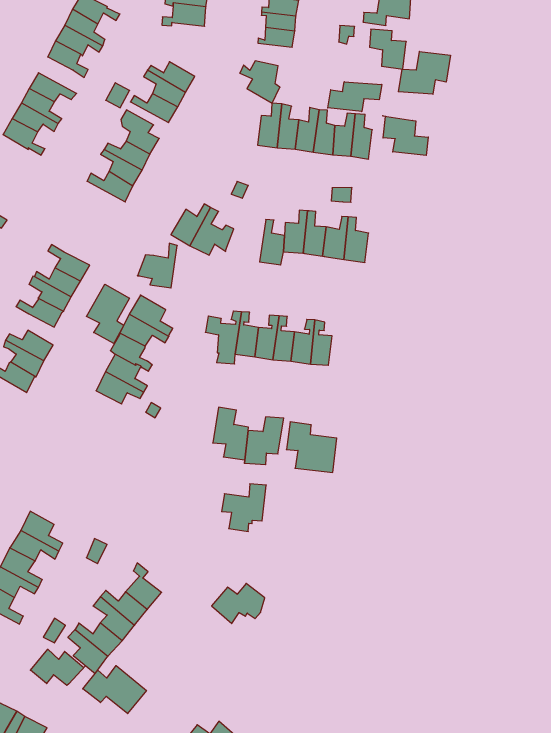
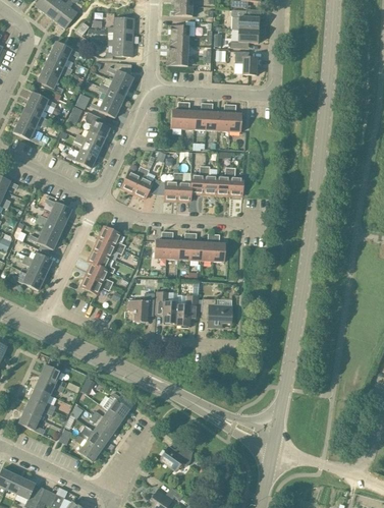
building: [398,51,450,94] -> none
building: [240,61,280,103] -> [107,62,132,88]
building: [328,82,382,112] -> none
building: [383,116,428,155] -> none
building: [137,243,177,288] -> [155,172,178,200]
building: [86,284,129,344] -> none
building: [222,484,266,531] -> [127,292,154,322]
building: [212,583,265,624] -> [159,443,191,468]
building: [30,649,86,685] -> none
building: [83,666,146,714] -> none

